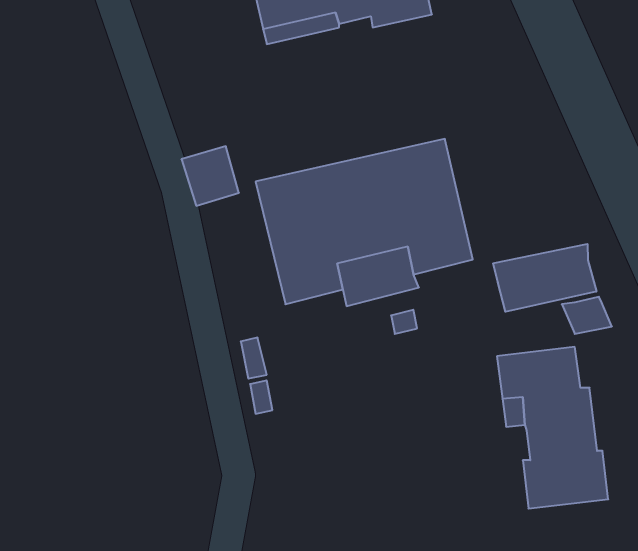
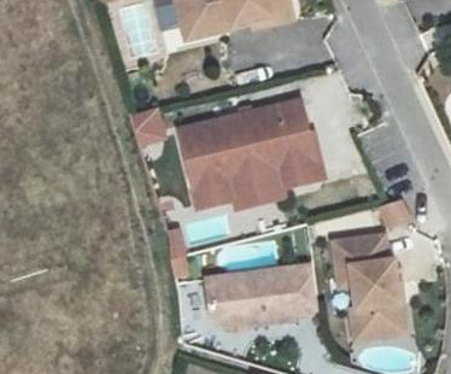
building: [493,244,596,312] -> none
building: none -> [205,265,317,329]

